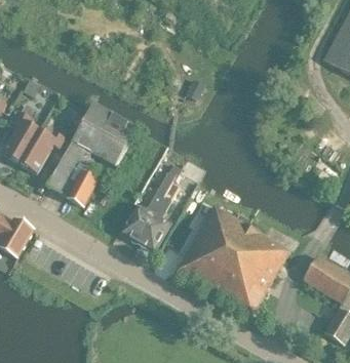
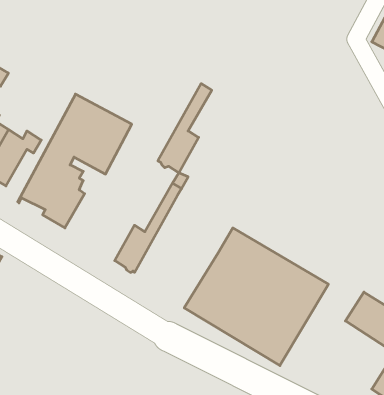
building: [138,179,180,249] -> [158,84,212,173]

